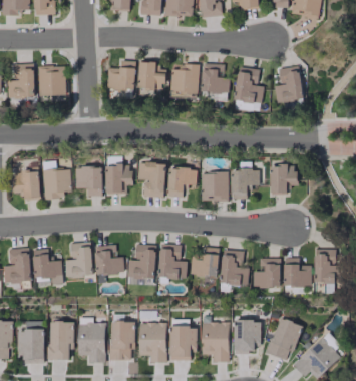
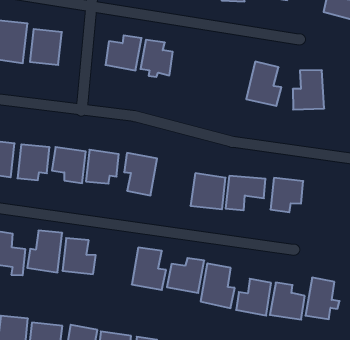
building: [170,64,198,93] -> none
building: [202,64,229,93] -> none
building: [166,168,196,198] -> none
building: [127,245,155,279] -> none

